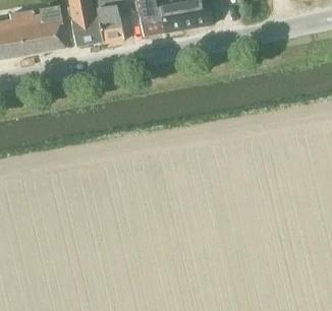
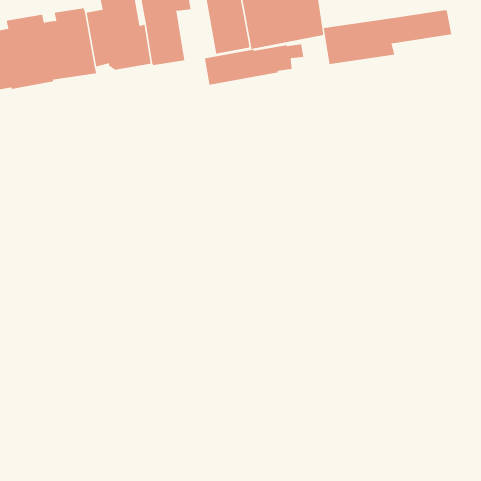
building: none -> [323,9,452,65]
building: none -> [204,43,304,86]

